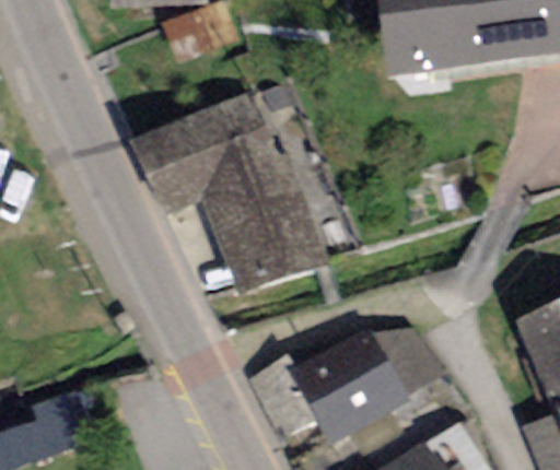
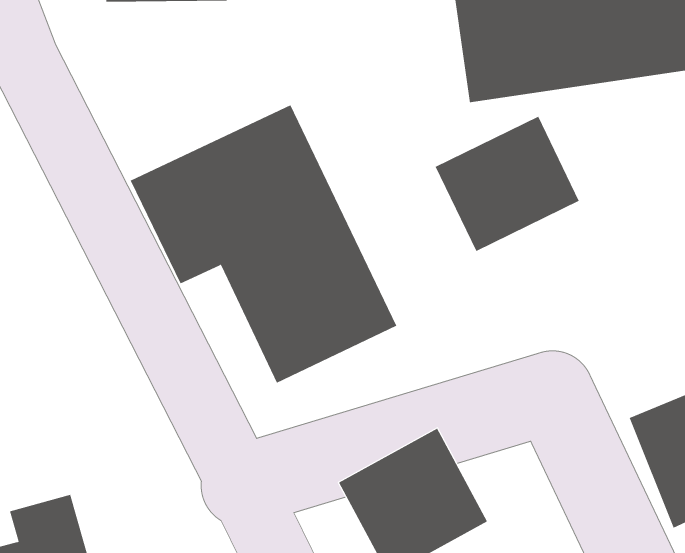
building: none -> [435,116,579,252]

